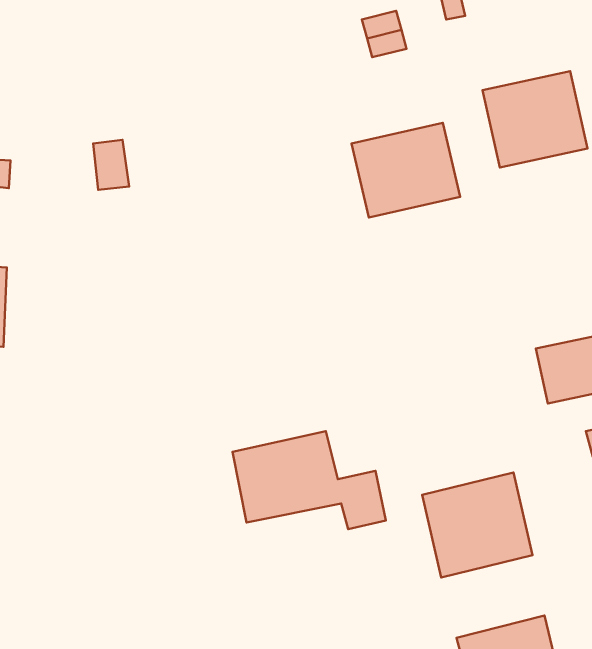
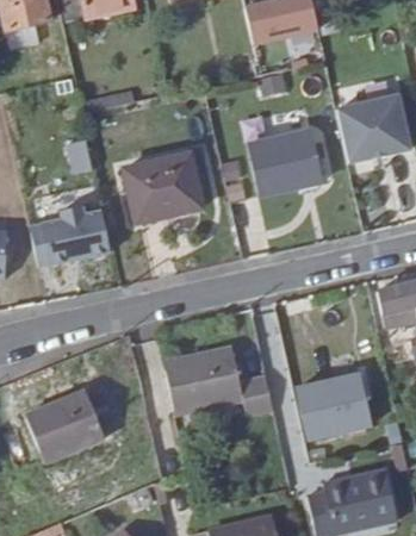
building: none -> [122,152,201,218]
building: none -> [30,207,114,272]
building: none -> [26,385,104,457]

